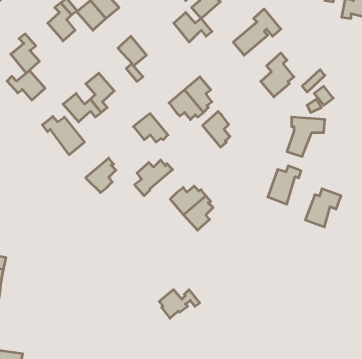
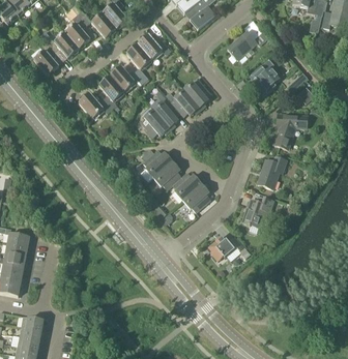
building: [174,12,212,42] -> [138,34,171,60]
building: none -> [110,66,143,91]
building: [7,70,45,100] -> [46,32,79,58]
building: [203,111,230,147] -> [154,98,178,129]
building: [42,116,84,155] -> none
building: [86,158,116,193] -> [154,159,180,189]
building: [305,189,341,227] -> [242,195,273,228]
building: [159,290,200,318] -> [208,236,243,261]

